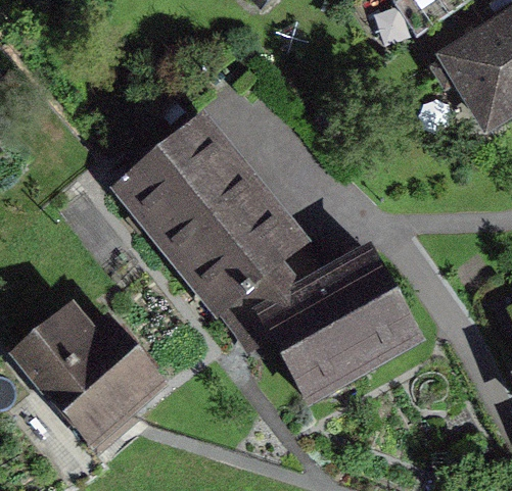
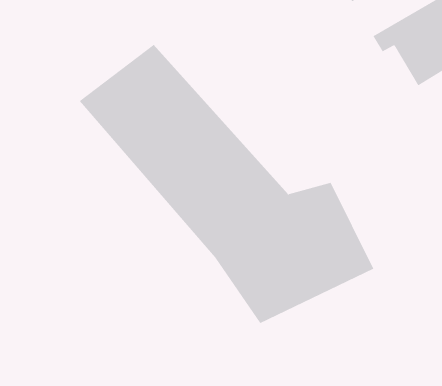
building: [14,308,142,445] -> none

